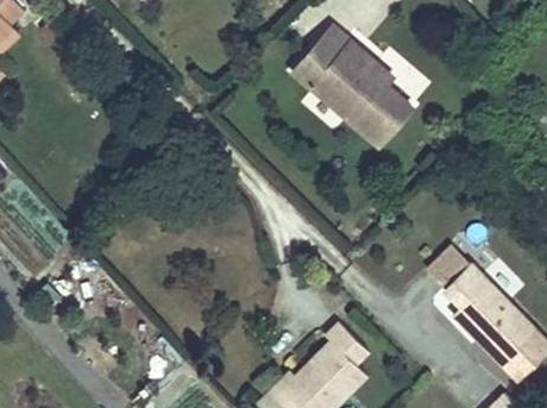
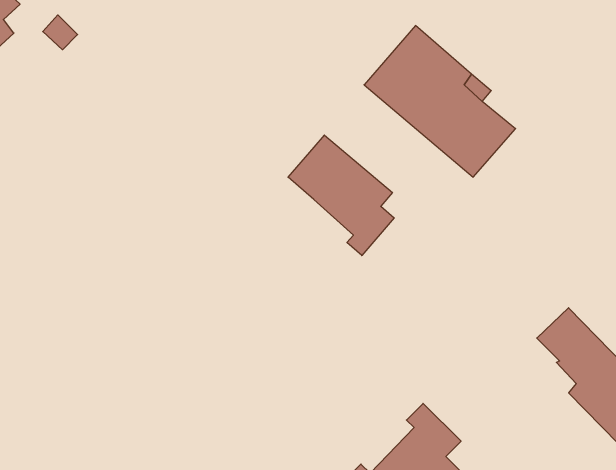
building: none -> [288,135,394,256]

